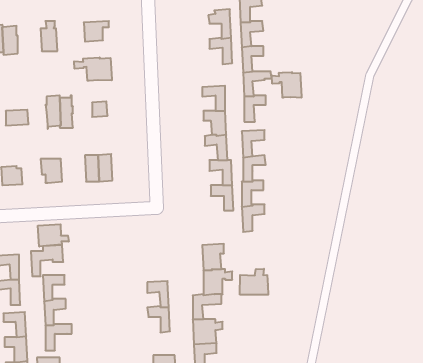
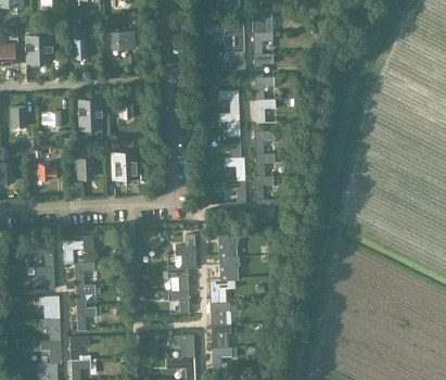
building: [74,57,112,81] -> none
building: [272,72,301,98] -> none
building: [38,224,69,247] -> none
building: none -> [176,235,196,269]
building: [240,269,268,295] -> none

